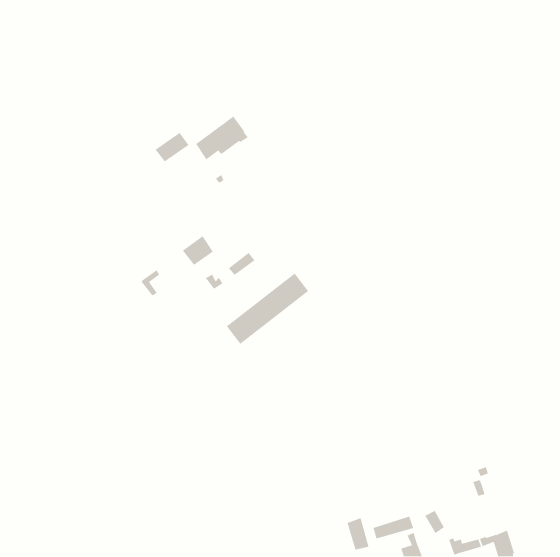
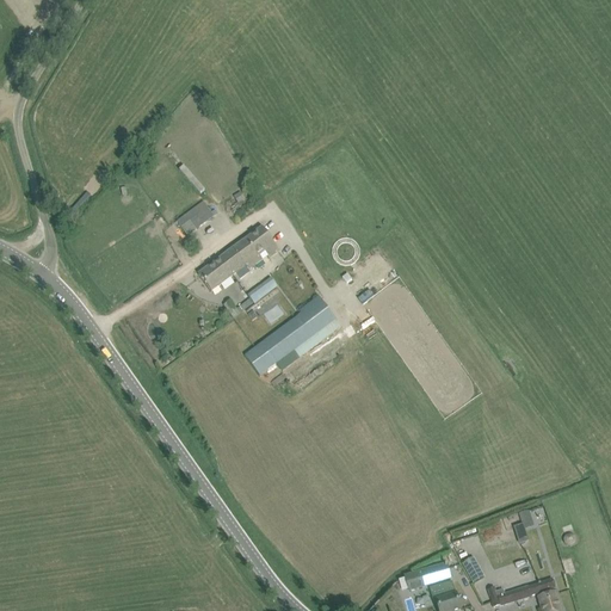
building: [195,115,249,160] -> [221,226,279,274]
building: [155,132,190,163] -> [177,200,215,234]
building: [347,517,370,551] -> none

